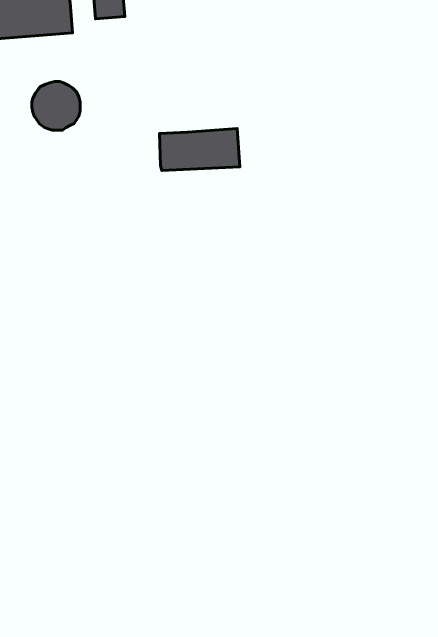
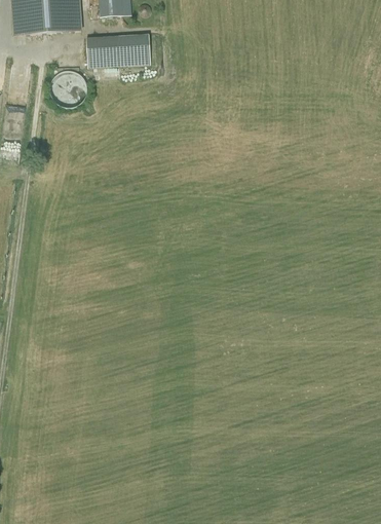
building: [159,128,240,171] -> [86,32,151,66]

